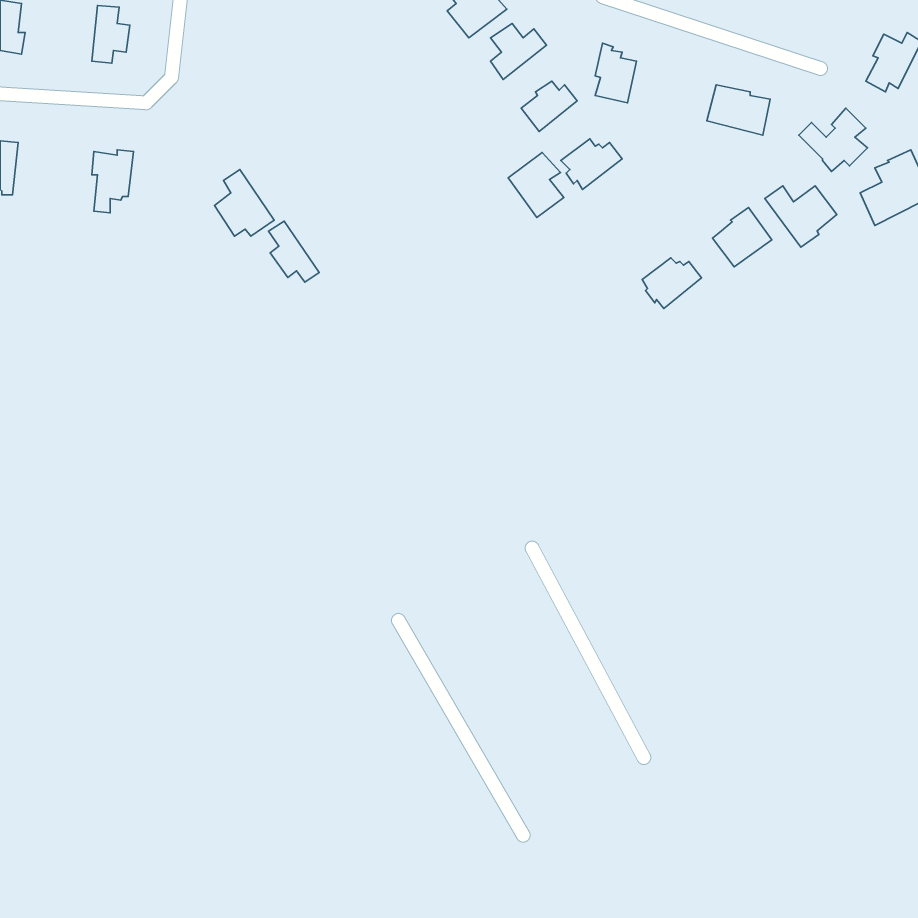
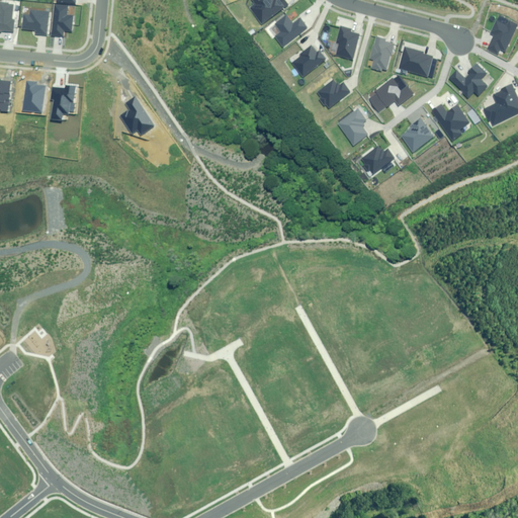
building: none -> [24,8,51,33]
building: none -> [370,38,393,71]
building: none -> [368,78,416,112]
building: none -> [25,79,47,111]
building: [508,153,564,217] -> [338,107,369,144]
building: [268,221,319,282] -> none

